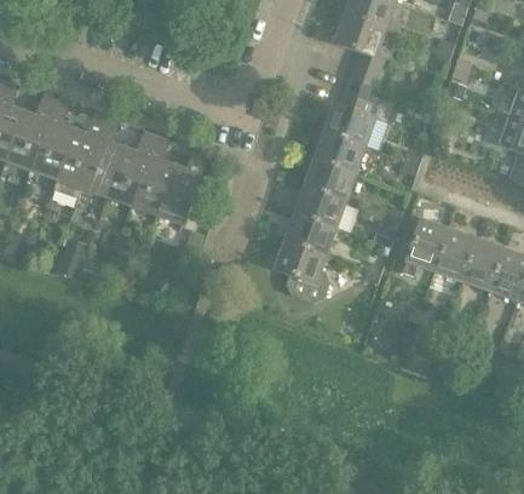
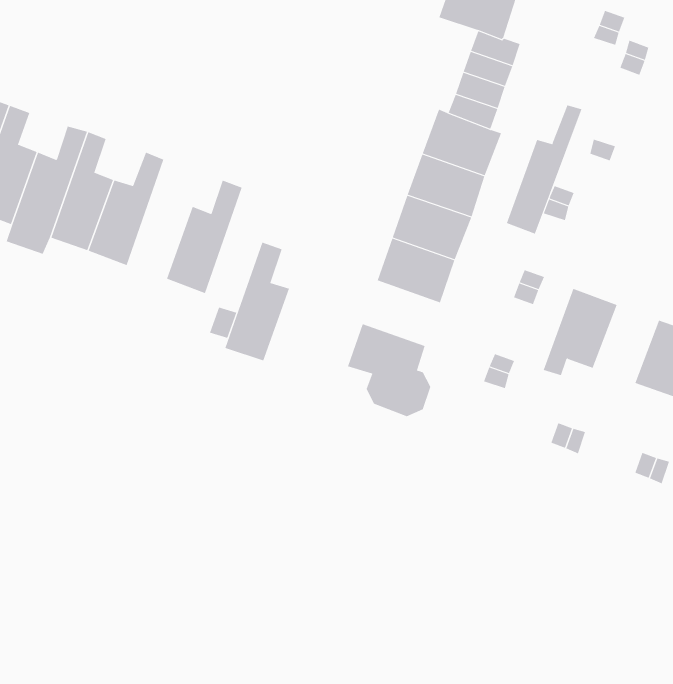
building: none -> [506,104,582,235]
building: [132,134,174,212] -> [225,242,290,361]
building: [284,213,335,255] -> none
building: [434,229,477,280] -> none

